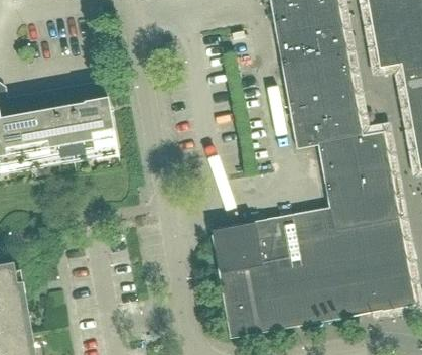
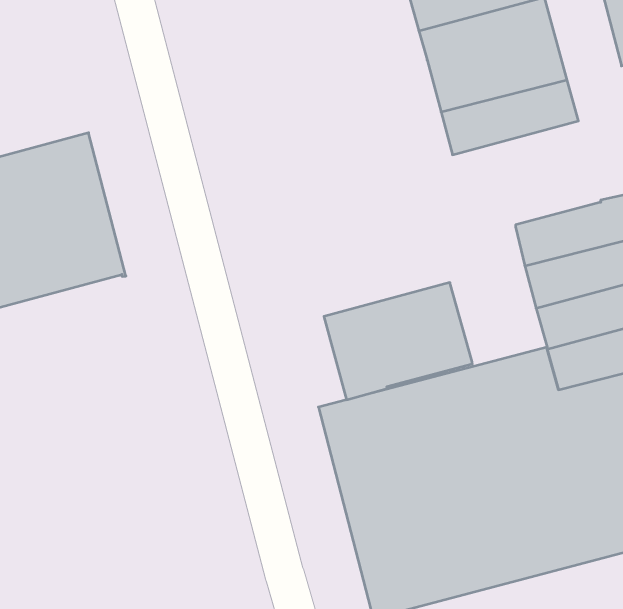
building: [289,93,363,148] -> [324,283,472,400]

